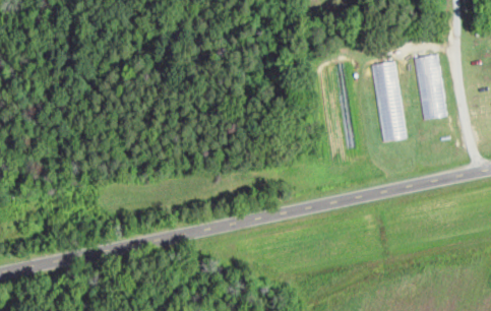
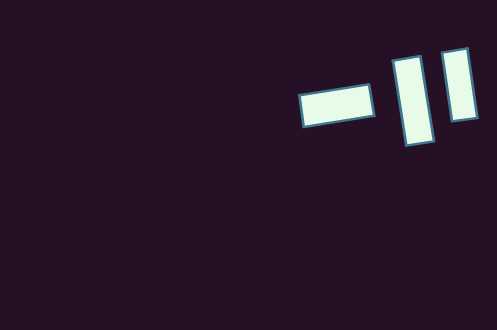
building: none -> [299,84,374,127]

